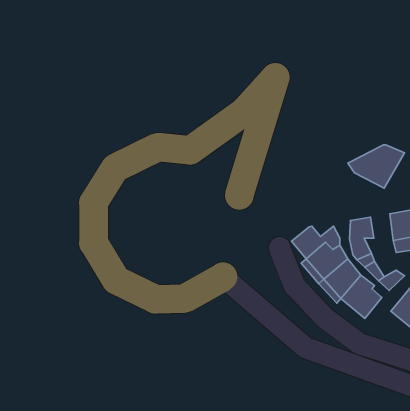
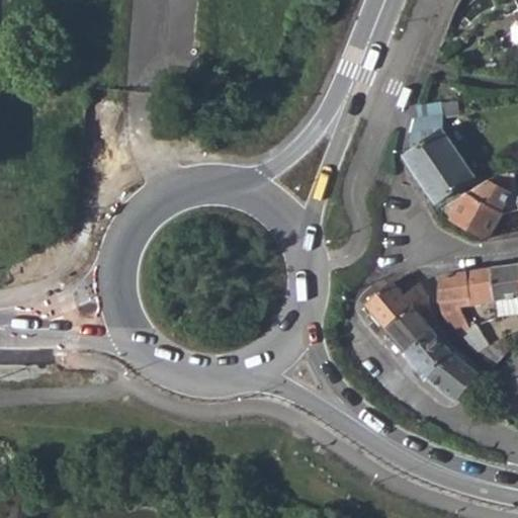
building: none -> [407,101,472,202]
building: none -> [467,269,496,307]

